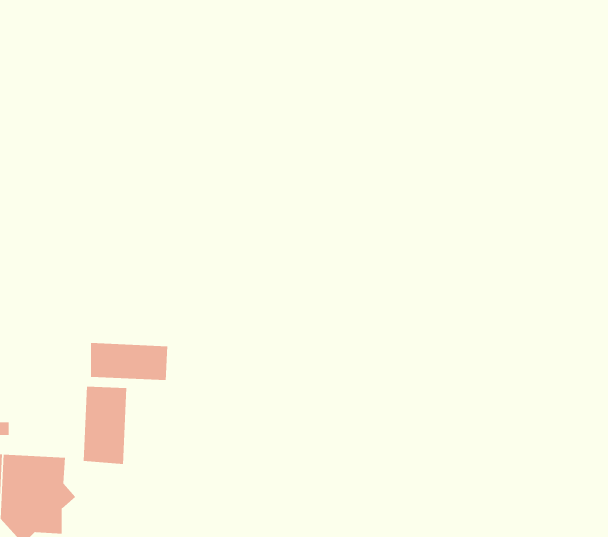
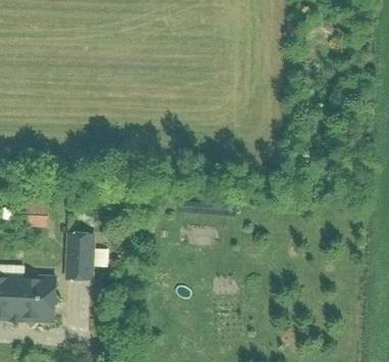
building: [90,342,168,381] -> none

